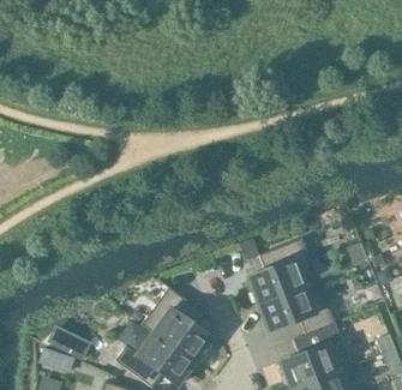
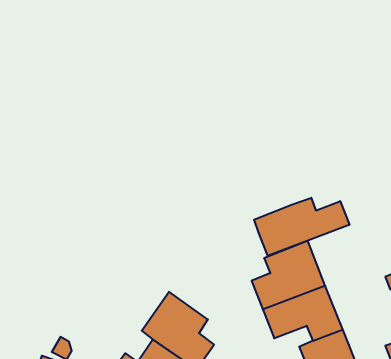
building: none -> [254,198,349,256]

